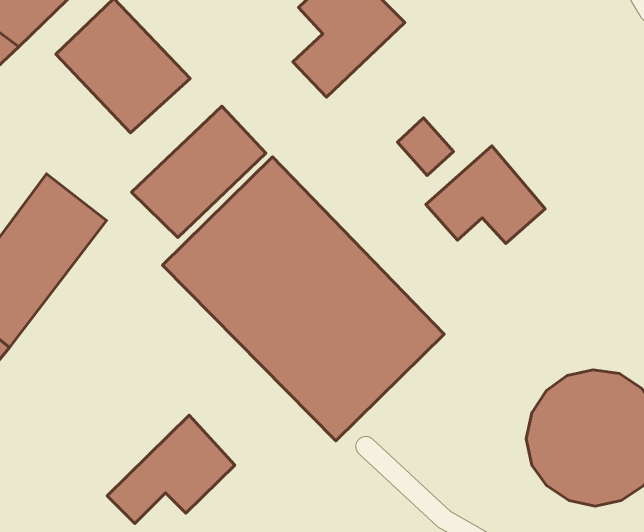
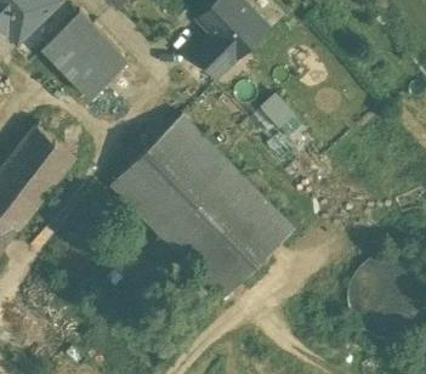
building: [132,106,266,237] -> none
building: [426,146,545,244] -> none
building: [107,415,235,524] -> none

